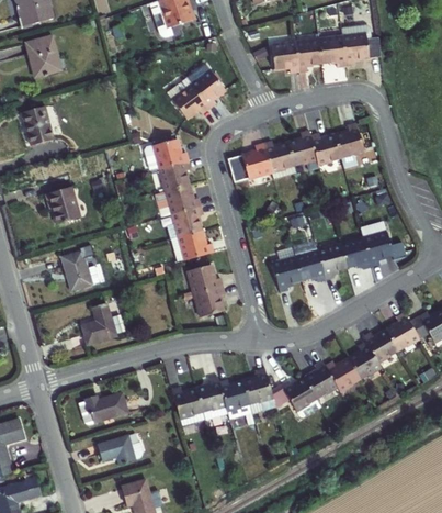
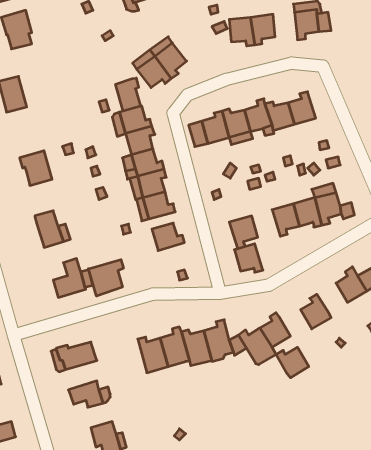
building: [318,37,344,68] -> none
building: none -> [116,78,141,111]
building: [295,250,326,281] -> [234,244,263,272]
building: [194,286,225,317] -> none
building: none -> [88,260,123,296]
building: [363,330,398,363] -> none
building: [325,358,360,391] -> [276,347,309,378]

